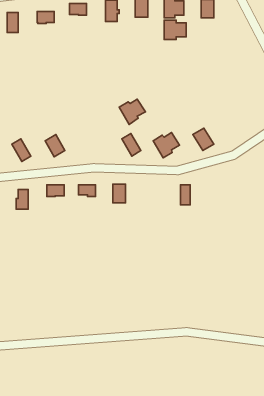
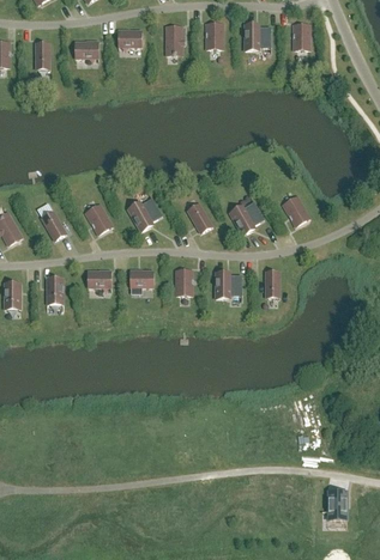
building: [164,20,186,39] -> none
building: [119,99,145,124] -> [128,199,163,232]
building: none -> [216,272,242,298]
building: none -> [328,491,346,521]

